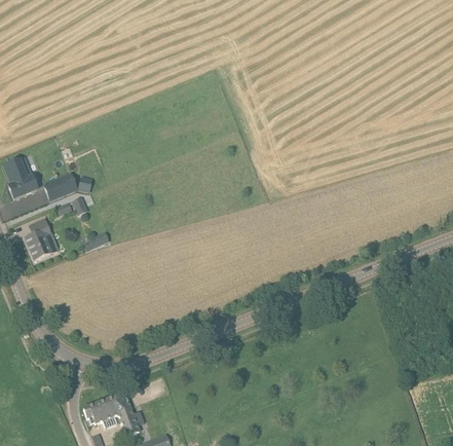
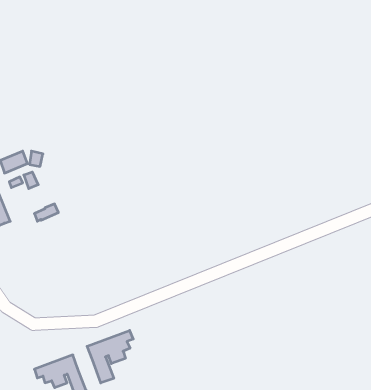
building: none -> [87,330,133,383]

